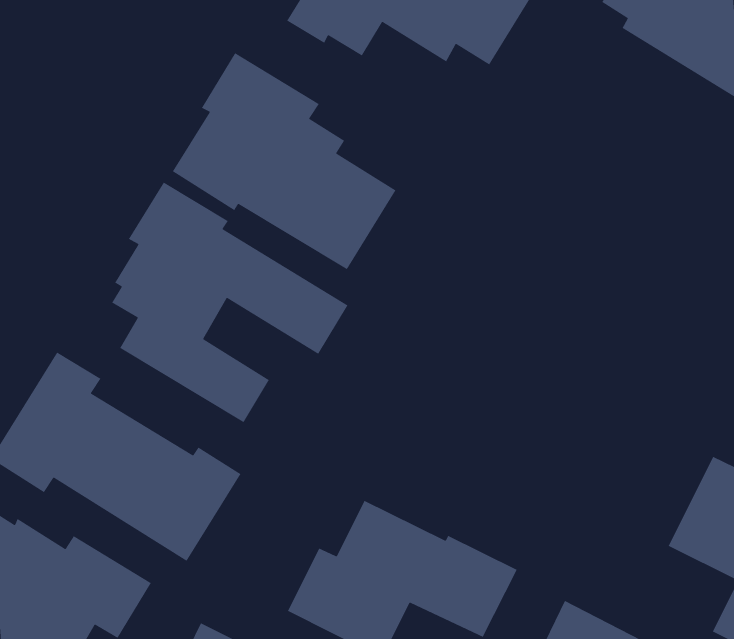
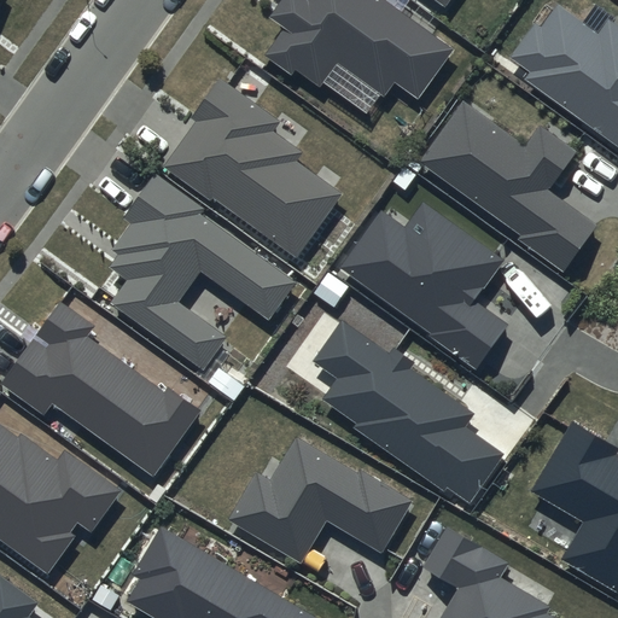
building: none -> [420,101,597,272]
building: none -> [343,200,509,367]
building: none -> [311,319,503,503]

